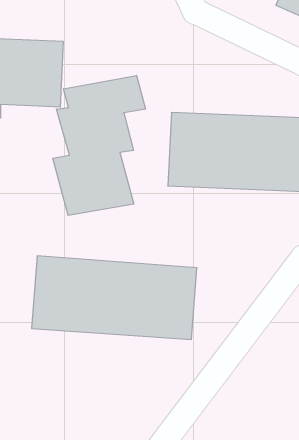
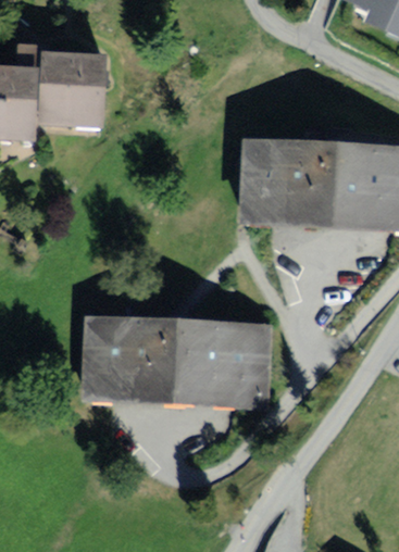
building: [53,75,146,215] -> none

